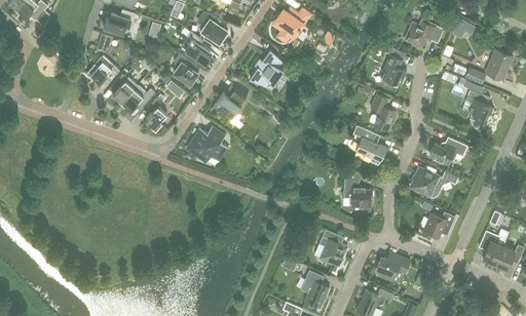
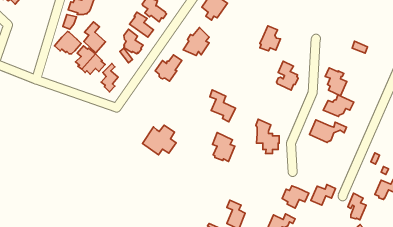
building: [405,19,444,48] -> none
building: none -> [84,22,105,53]
building: [485,49,513,80] -> none
building: [380,54,407,86] -> [260,26,281,51]
building: [465,89,493,125] -> [325,68,347,96]
building: [353,124,386,165] -> [210,90,235,122]
building: [185,125,228,163] -> [142,125,176,155]
building: [423,211,455,238] -> [311,184,336,205]
building: [318,229,347,266] -> [212,132,235,161]
building: [479,230,502,264] -> [348,193,366,220]

